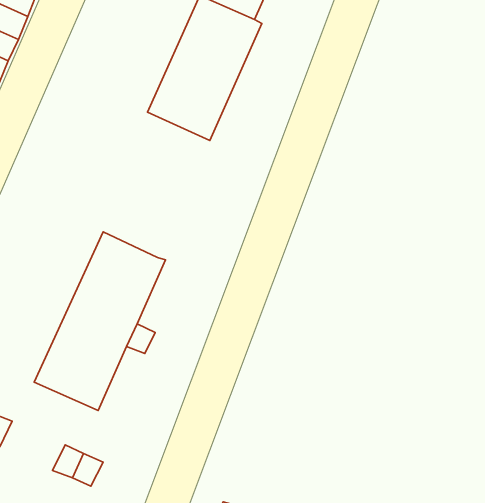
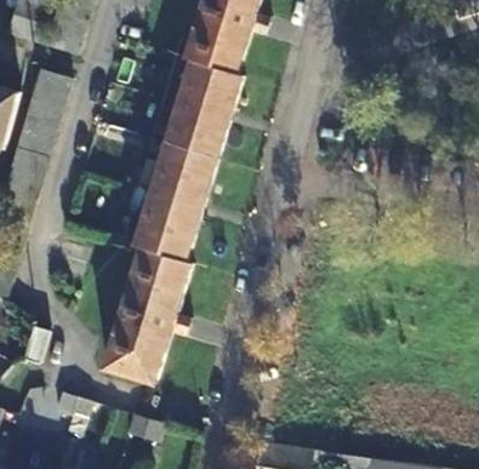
building: none -> [132,158,211,267]

